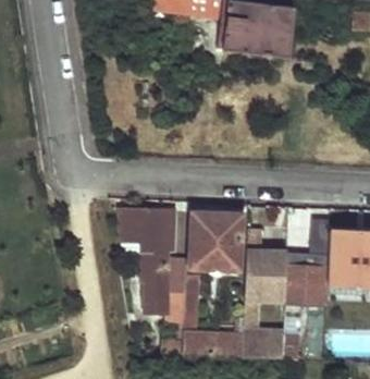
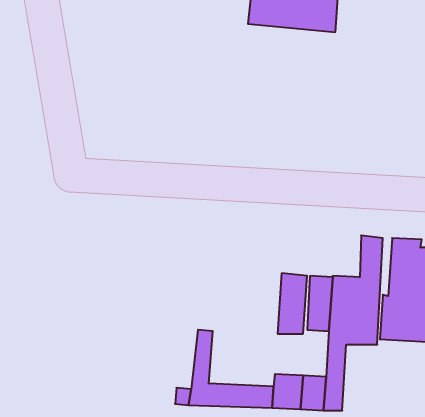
building: [121,207,175,311] -> none
building: [186,216,240,274] -> none

